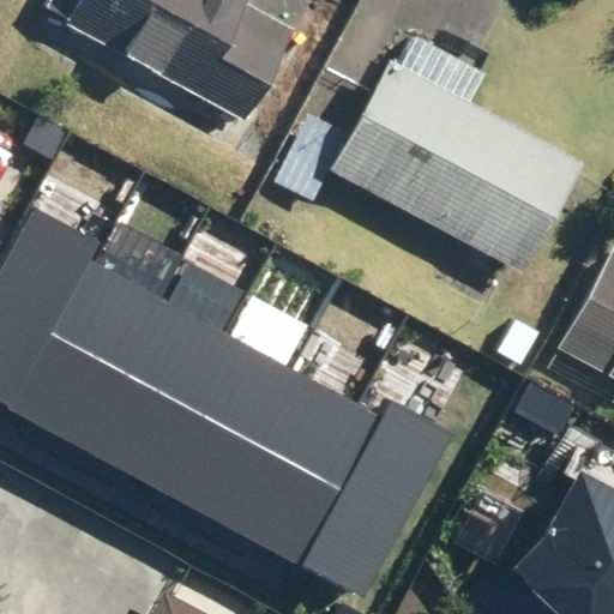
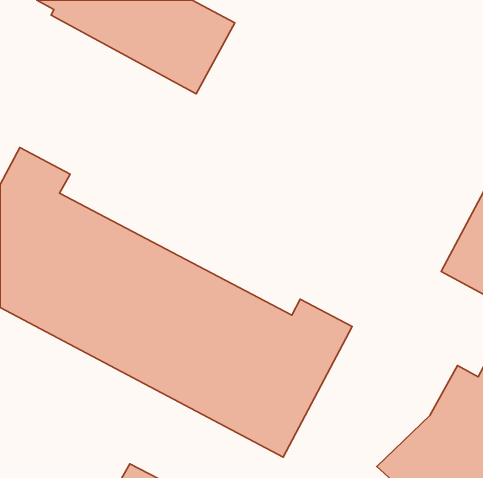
building: [331,61,584,275] -> none

